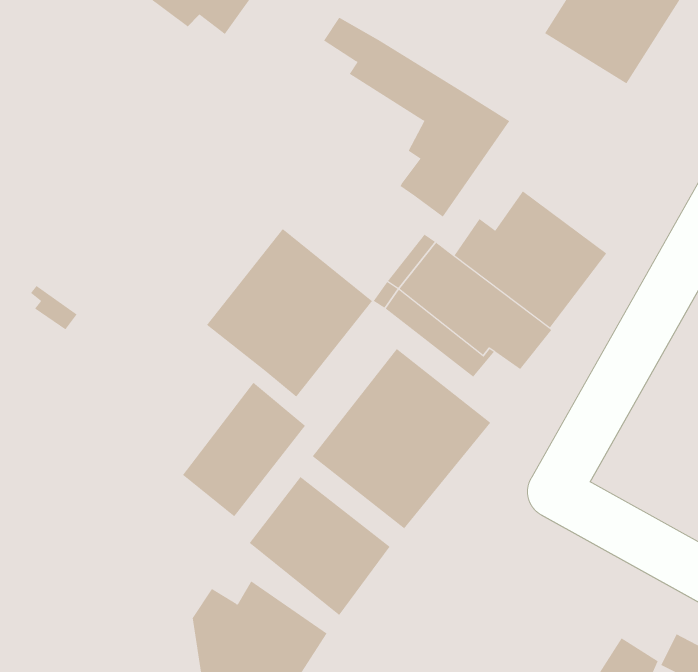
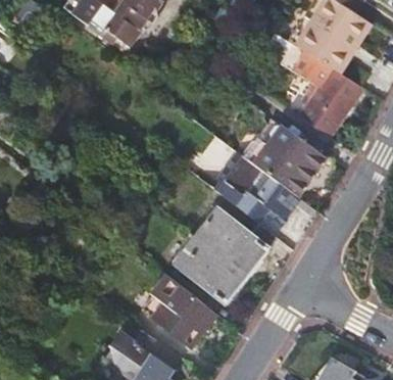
building: [323,17,510,218] -> [265,33,362,137]
building: [206,228,373,398] -> none
building: [182,382,306,517] -> none

